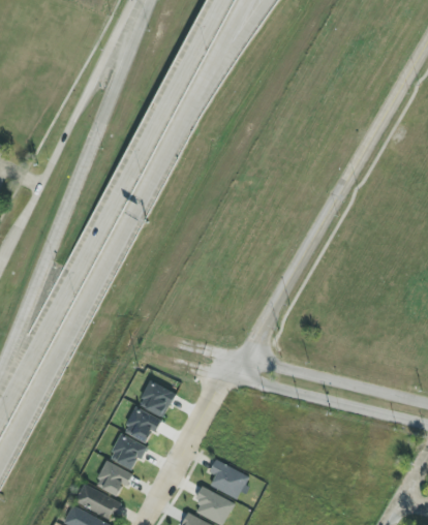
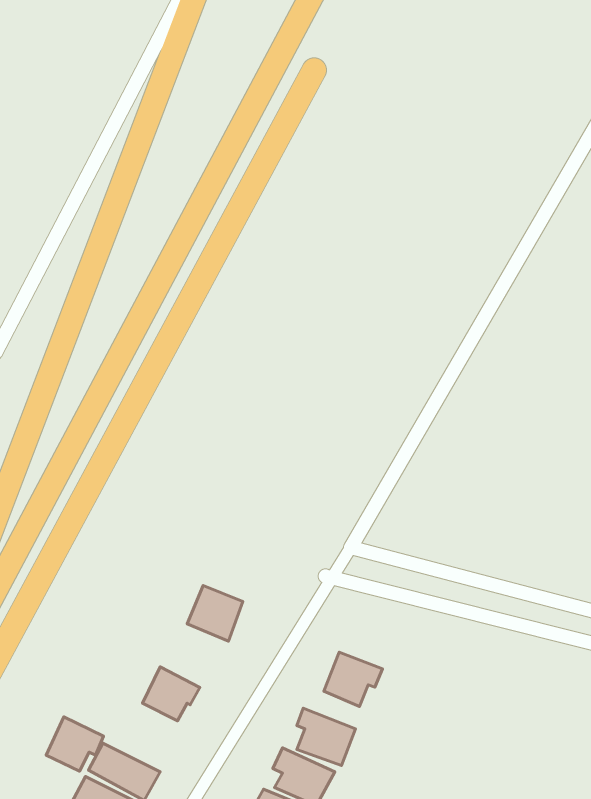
building: [123,407,160,442] -> none
building: none -> [324,652,382,707]
building: [94,461,131,496] -> [46,717,104,771]

